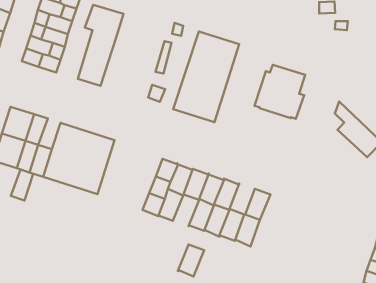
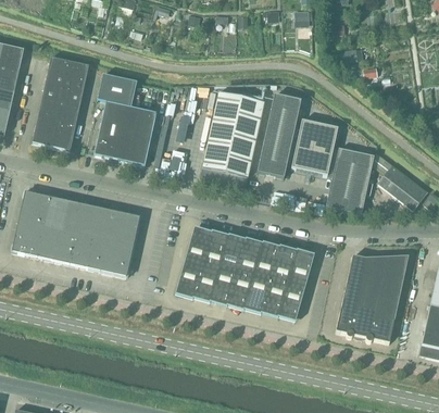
building: none -> [120,107,156,165]
building: none -> [258,95,301,177]
building: none -> [326,148,374,214]
building: [11,169,33,200] -> [59,200,80,233]
building: none -> [271,250,296,283]
building: none -> [336,254,409,342]
building: [178,245,204,277] -> [211,267,237,301]

